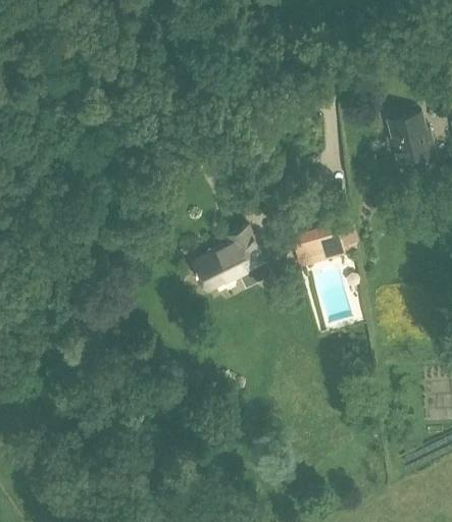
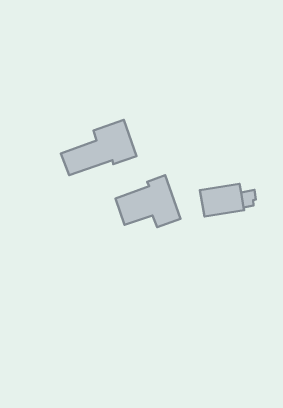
building: none -> [61,120,137,175]

